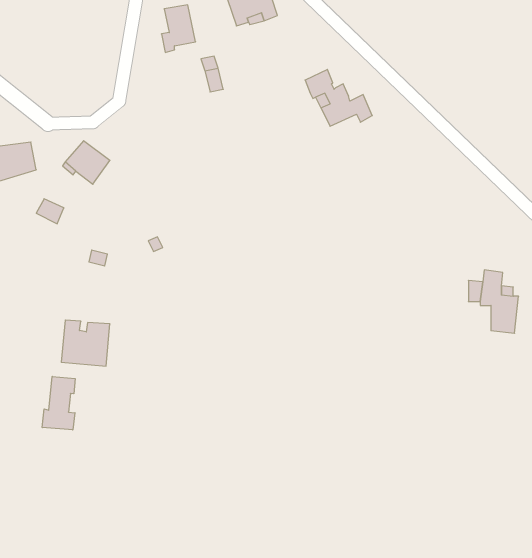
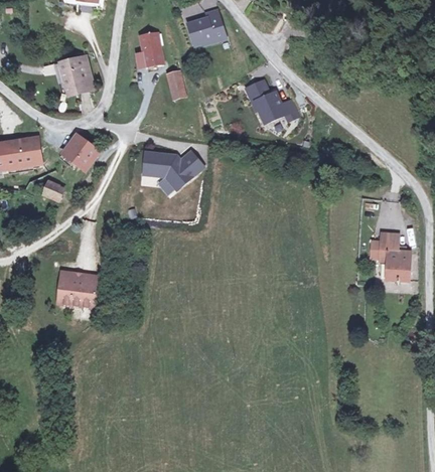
building: none -> [61,58,91,94]
building: none -> [142,149,201,187]
building: [42,376,75,430] -> none

